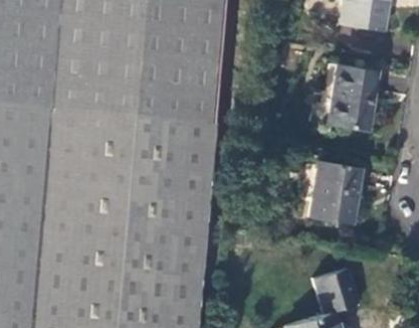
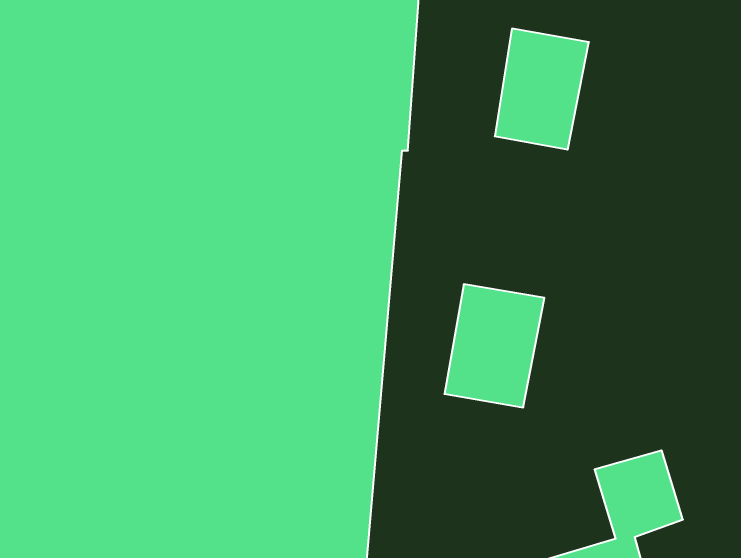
building: [329,64,378,128] -> [495,29,589,150]
building: [309,160,362,224] -> [444,284,544,407]

